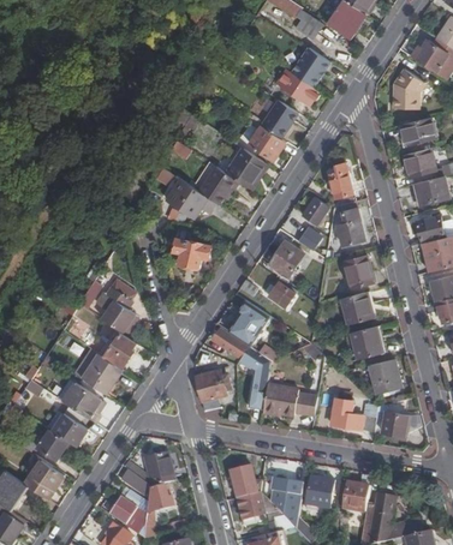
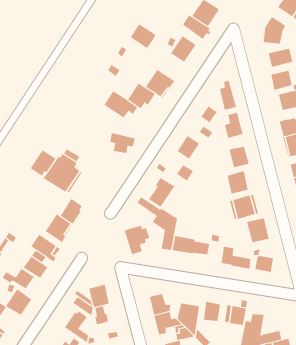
building: [246,124,285,160] -> [130,24,157,49]
building: none -> [30,149,56,176]

